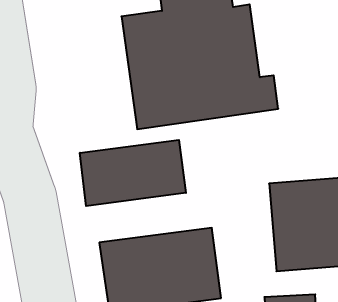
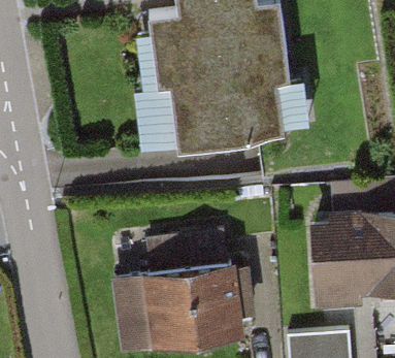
building: [80,140,186,206] -> none

